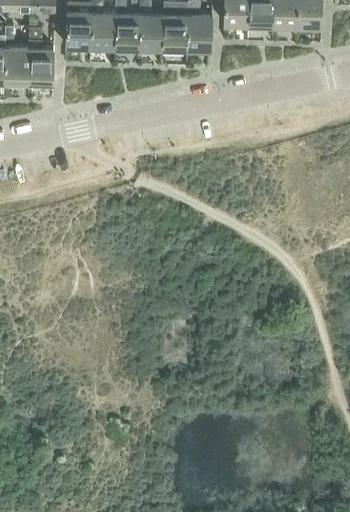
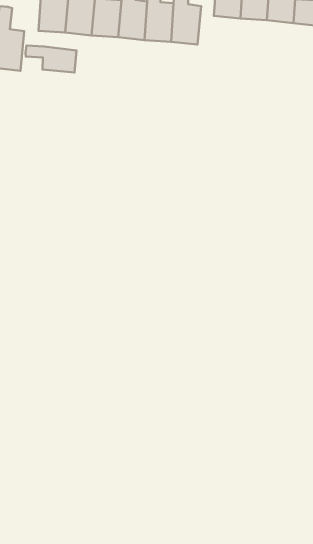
building: none -> [25,45,76,73]

